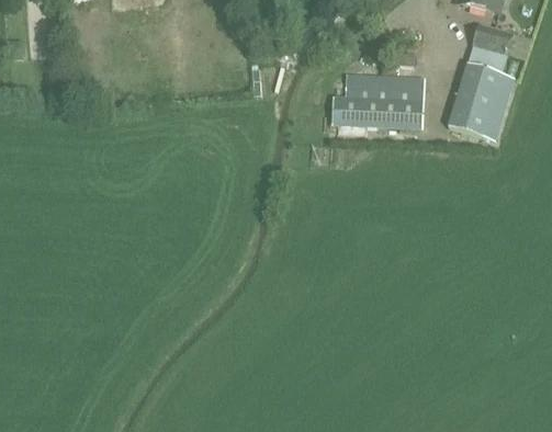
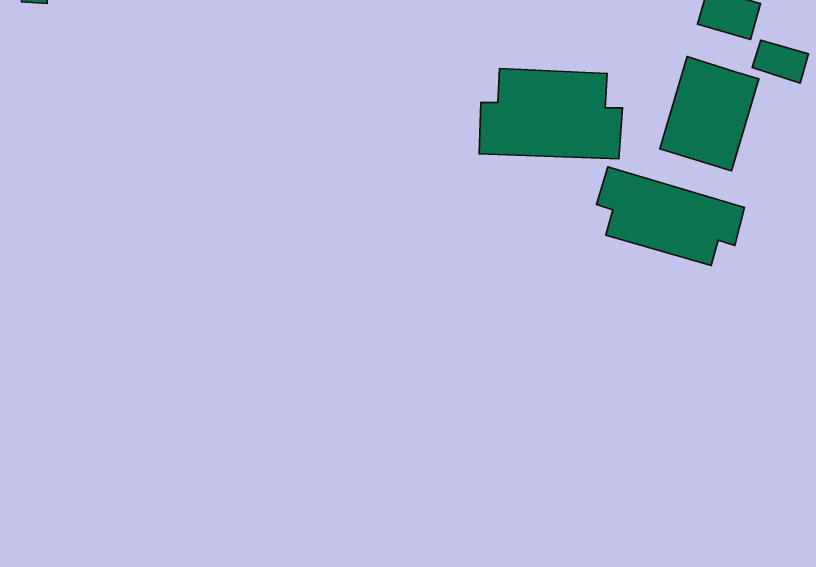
building: [466,46,503,73] -> [752,40,809,83]
building: none -> [596,167,744,266]

